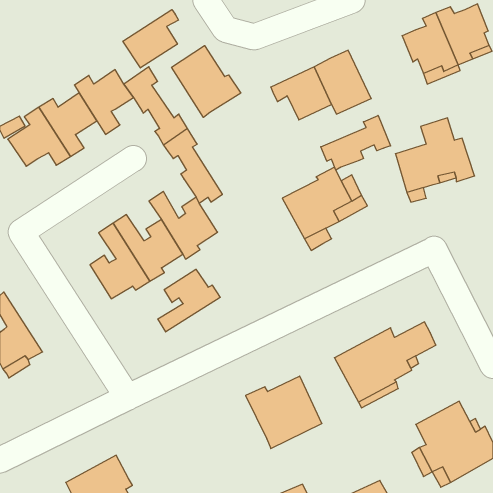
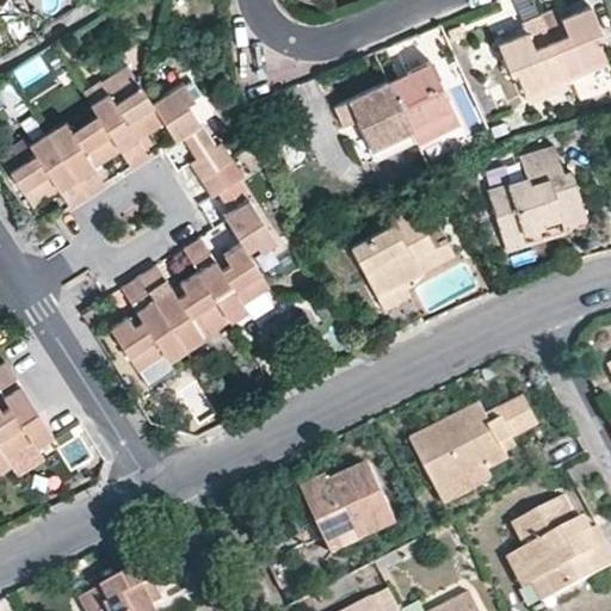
building: [123,10,178,68] -> none
building: [172,46,241,117] -> none
building: [321,115,391,170] -> none
building: [158,269,220,332] -> none

